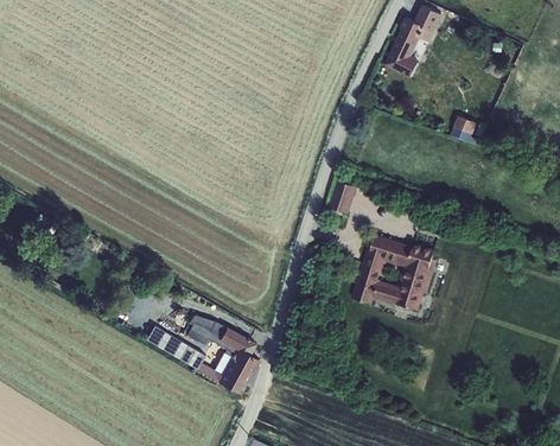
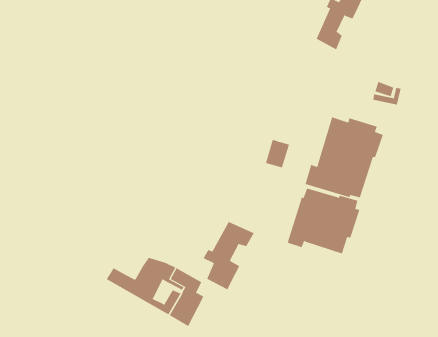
building: none -> [305,117,383,198]
building: none -> [203,221,254,290]

